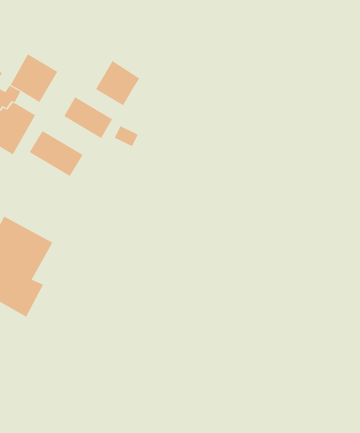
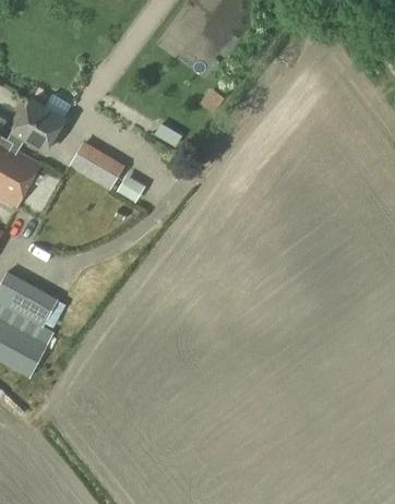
building: [95,60,140,106] -> none
building: [29,130,84,177] -> none

